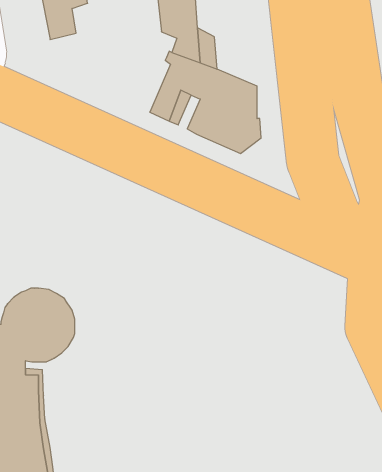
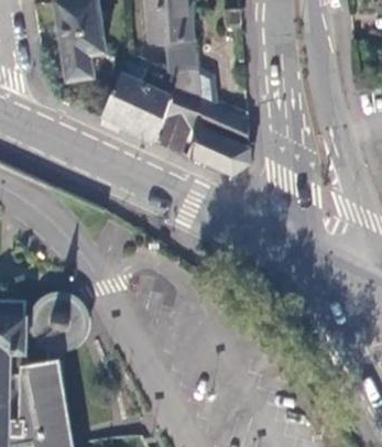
building: none -> [101,56,174,140]

